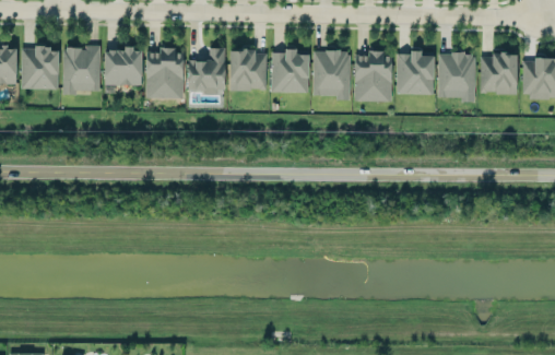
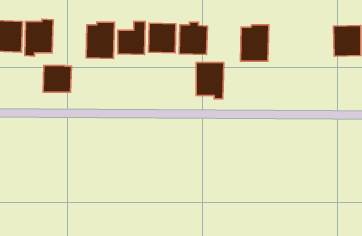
building: [104,49,142,85] -> [43,65,71,92]
building: [314,51,351,100] -> [196,62,224,99]
building: [397,52,434,95] -> none
building: [438,52,475,102] -> none

